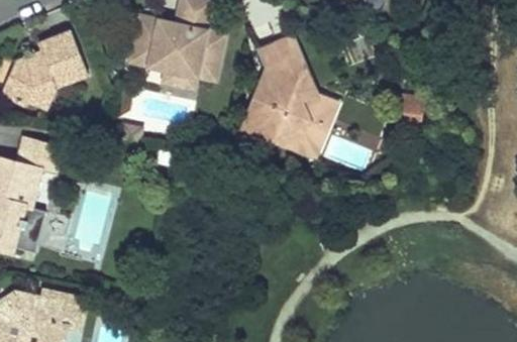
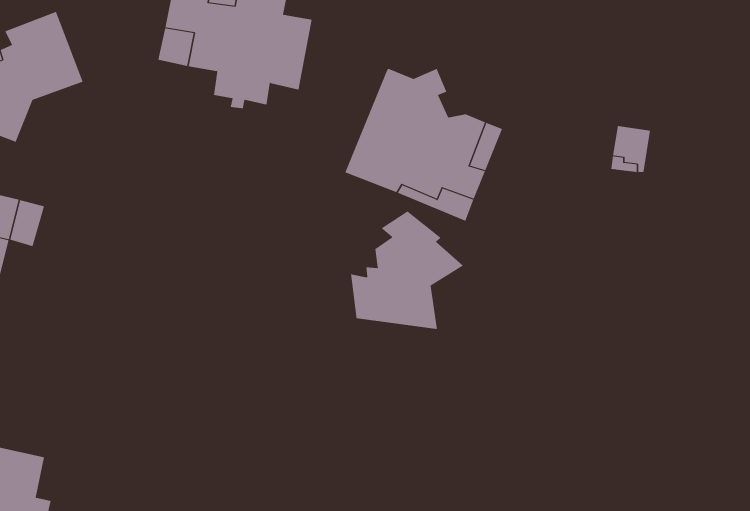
building: [261,35,315,95] -> none
building: none -> [350,211,464,330]

